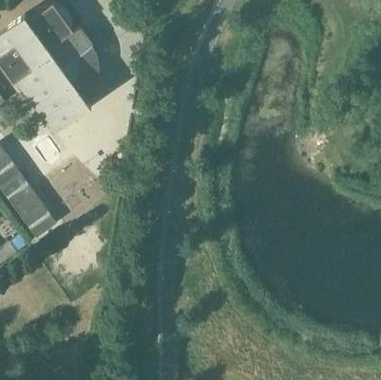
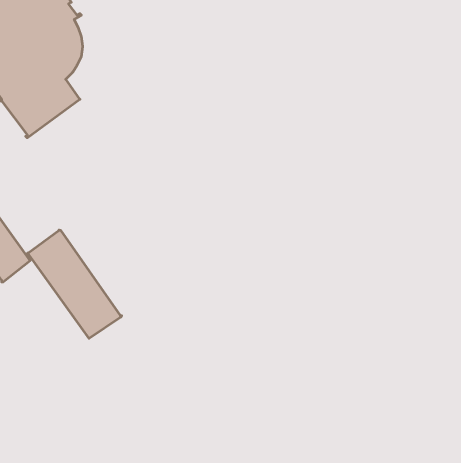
building: none -> [28,230,122,338]

